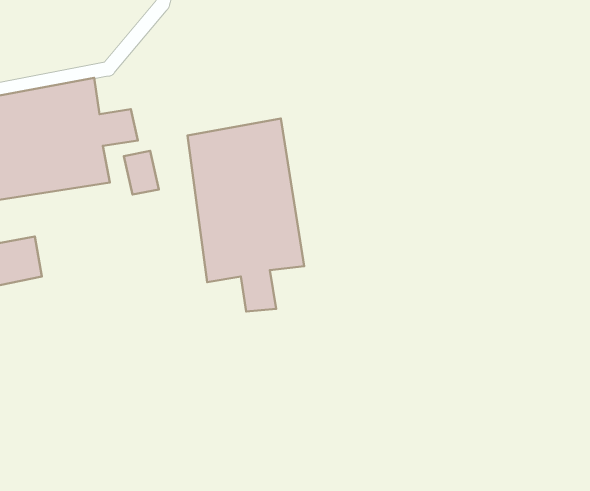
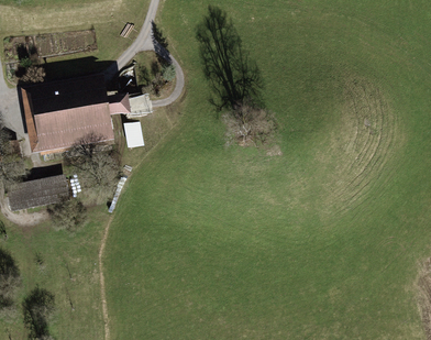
building: [187,118,304,311] -> none

